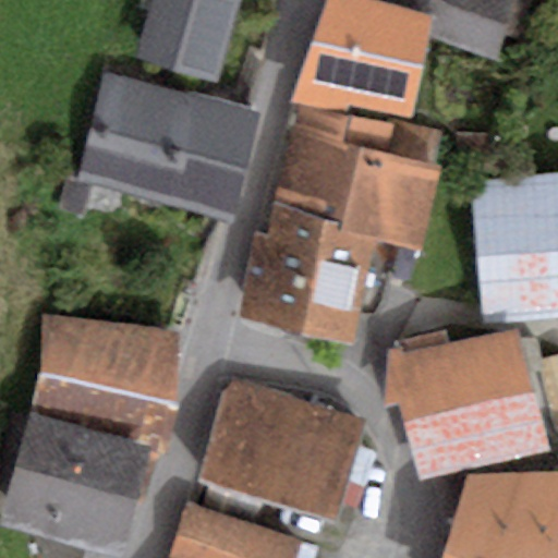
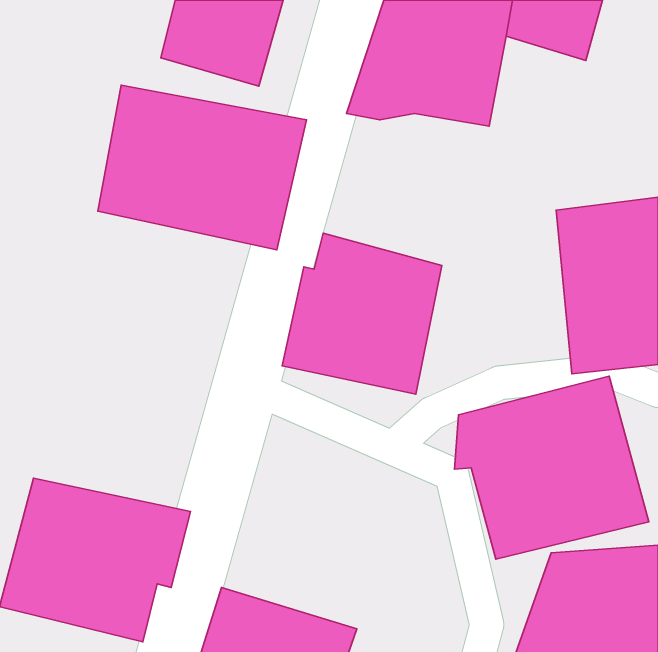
building: [274,107,445,242] -> none
building: [28,318,181,440] -> none
building: [199,380,368,515] -> none

